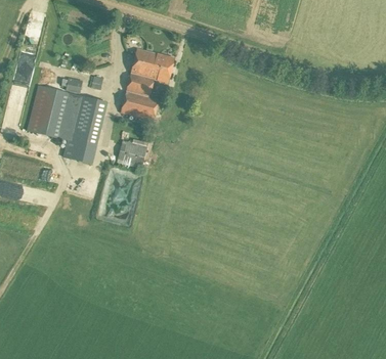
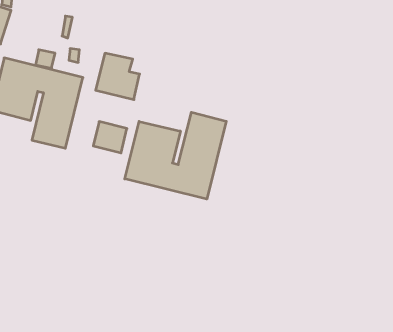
building: [127,47,173,84] -> none
building: none -> [125,112,226,199]

